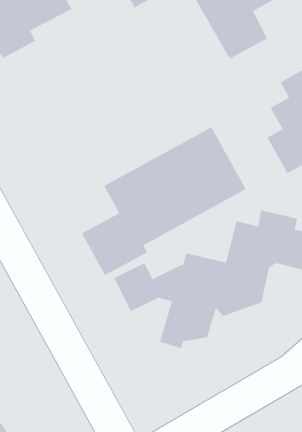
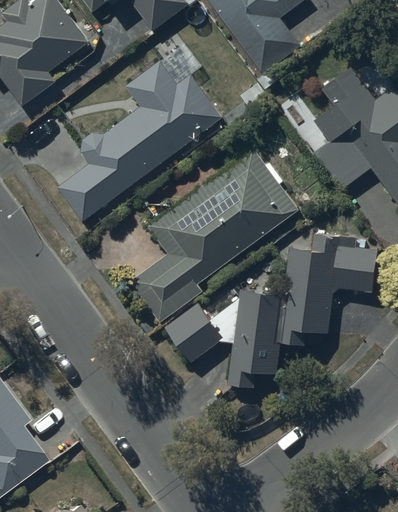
building: none -> [58,62,223,222]

